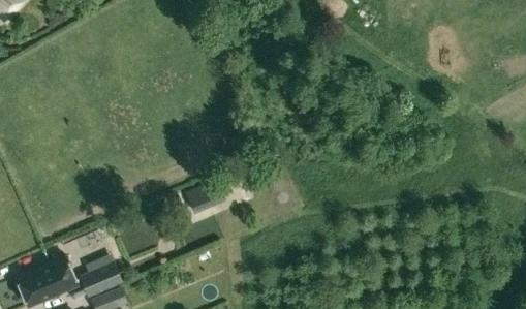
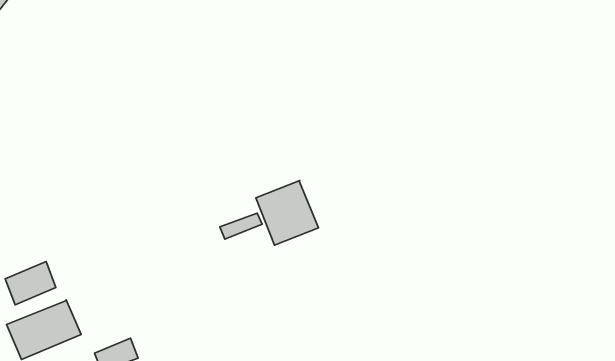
building: none -> [256,180,319,245]
building: [79,261,121,298] -> [5,261,56,305]

